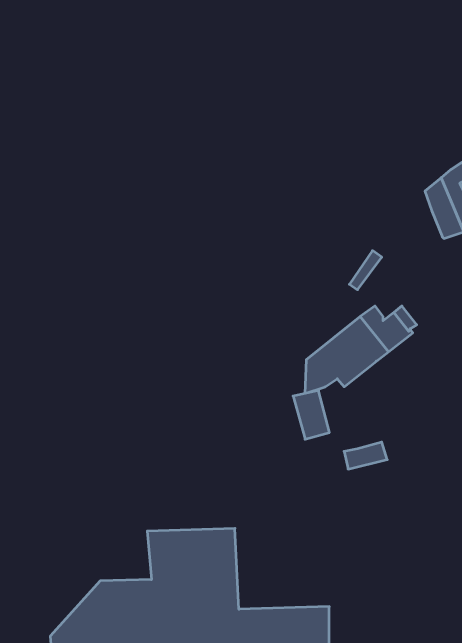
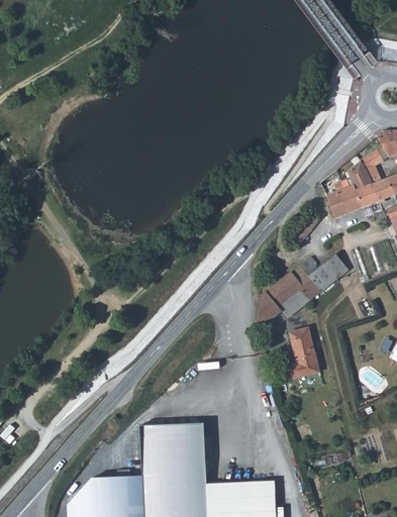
building: none -> [326,185,362,217]
building: [293,391,329,439] -> [288,327,315,364]

